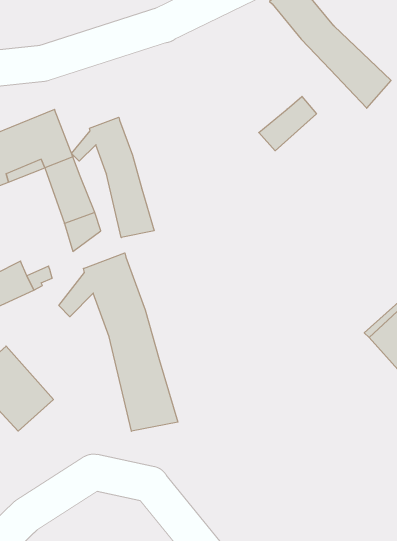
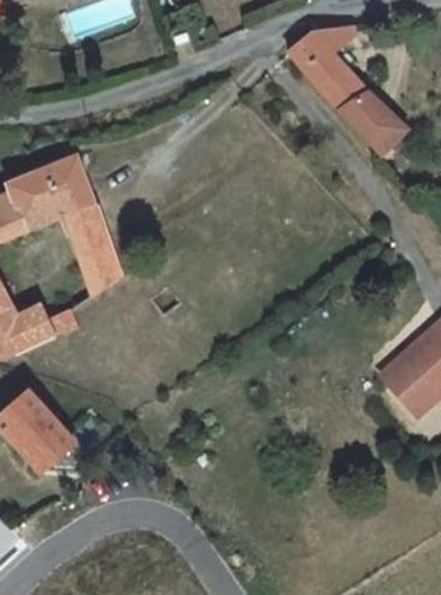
building: [259,96,316,151] -> none
building: [72,117,154,238] -> none
building: [59,253,178,431] -> none

